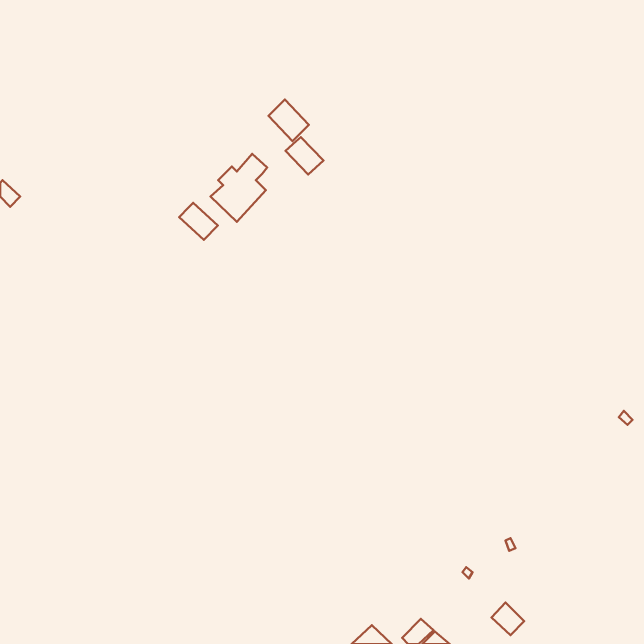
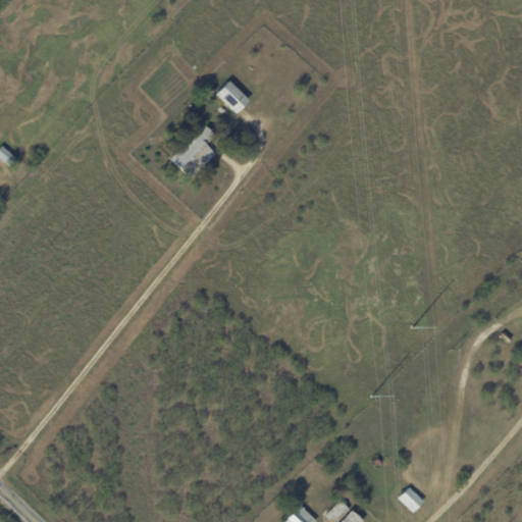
building: [286,137,323,174] -> none
building: [179,203,218,240] -> none

